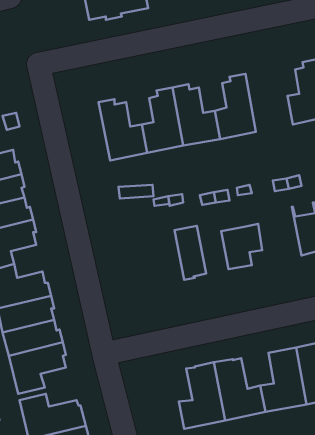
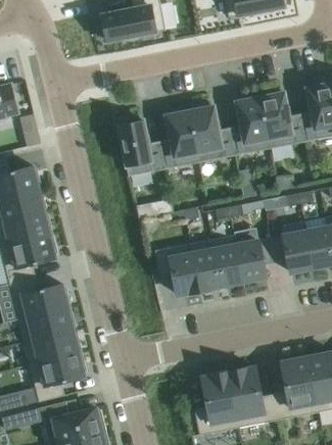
building: none -> [258,89,304,148]
building: none -> [281,220,313,271]
building: none -> [211,235,242,285]
building: none -> [154,243,199,294]

